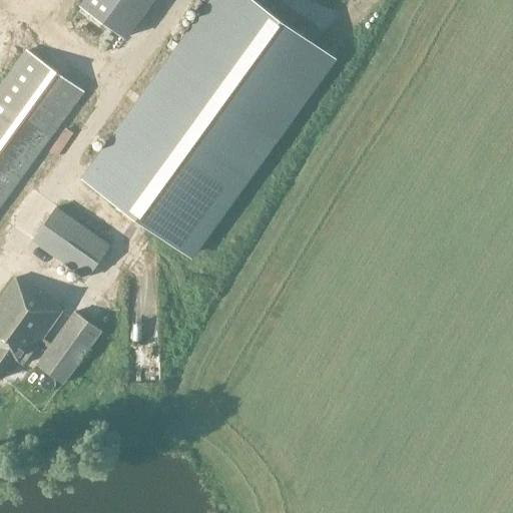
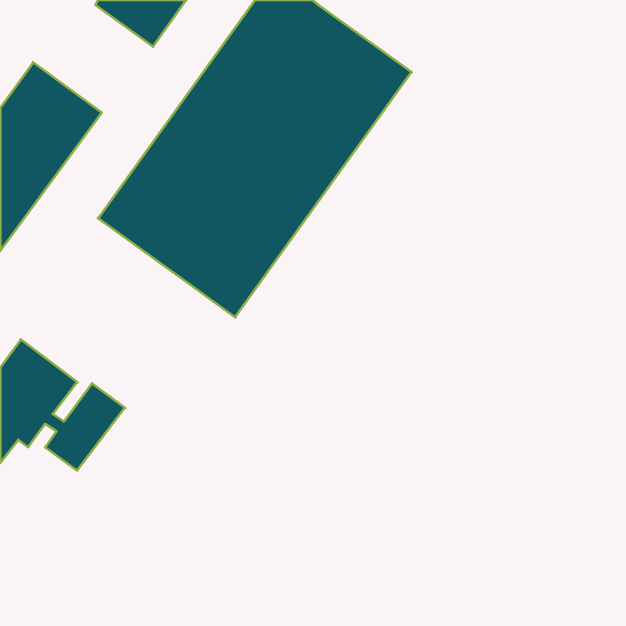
building: [30,206,110,280] -> none

